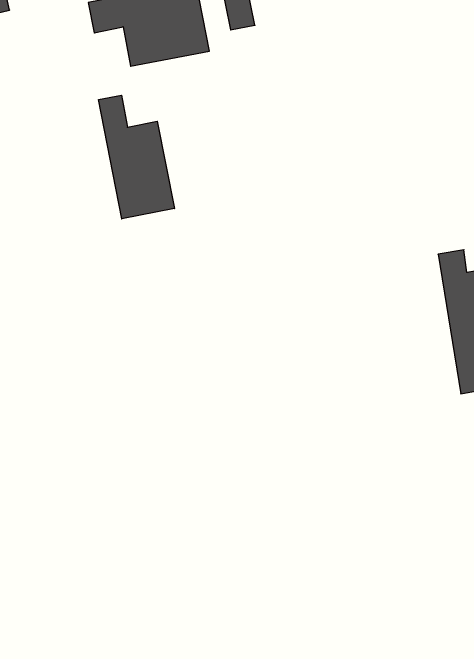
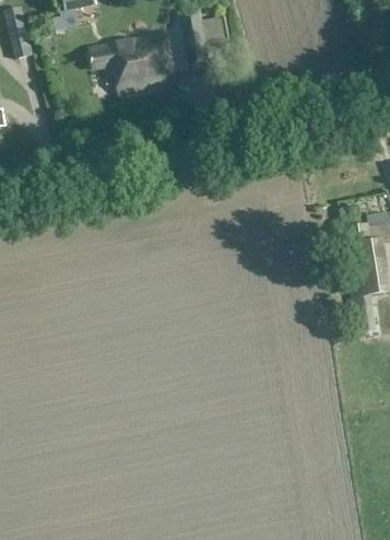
building: [99,95,174,219] -> none

